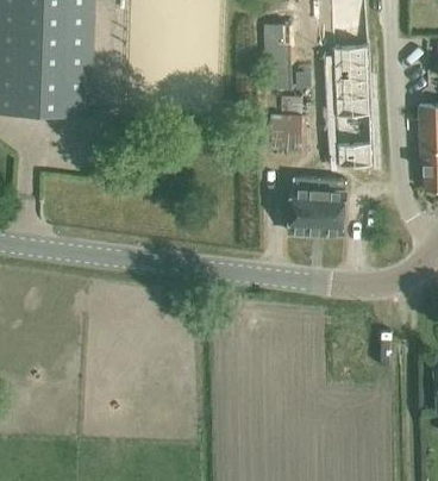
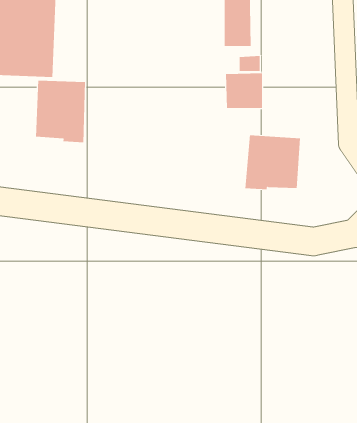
building: [336,54,369,170] -> none
building: none -> [36,80,85,143]

